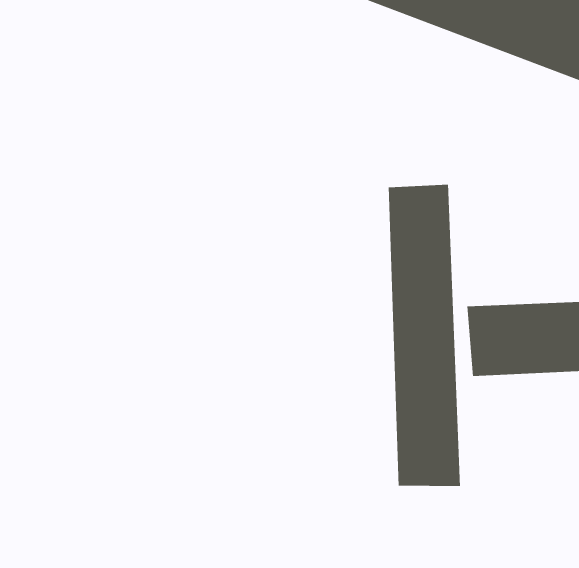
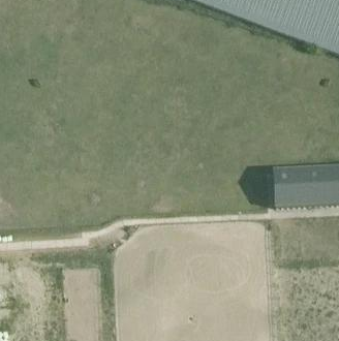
building: [388,184,461,487] -> none

